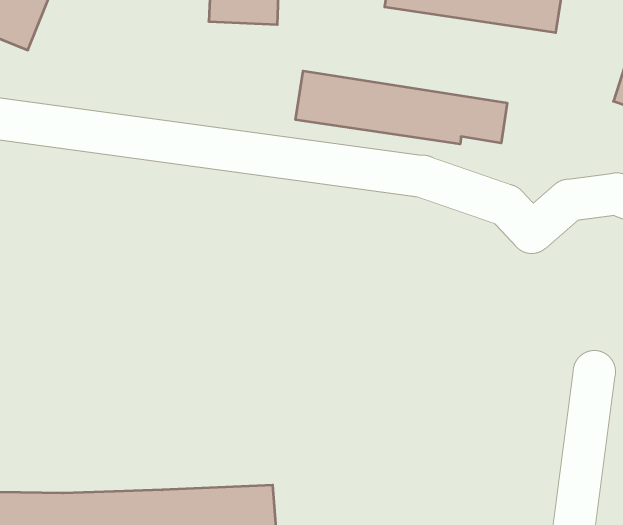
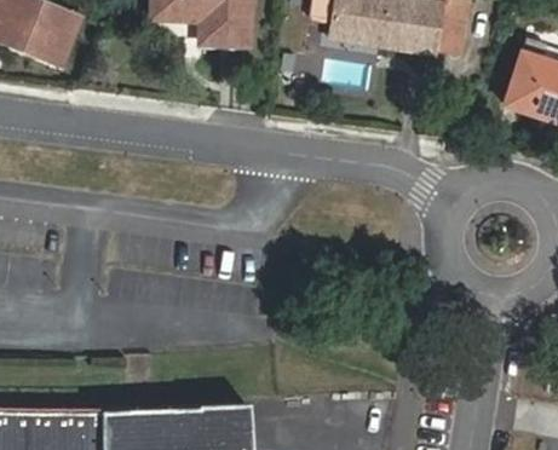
building: [296,71,507,144] -> none

